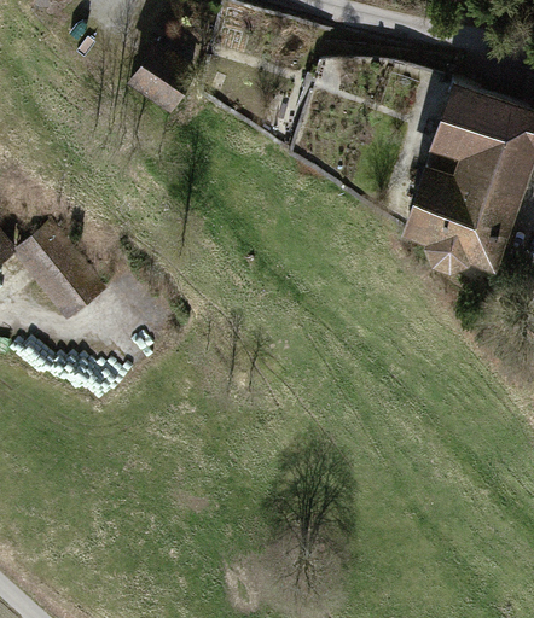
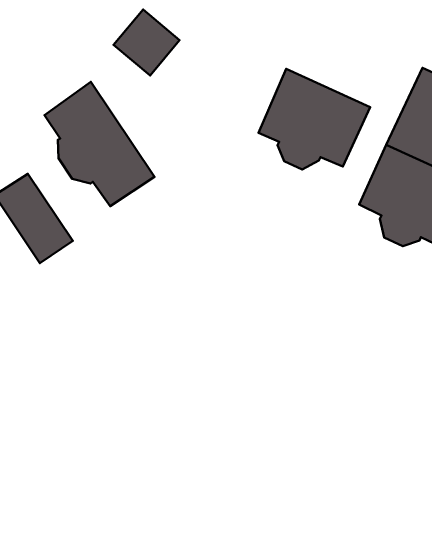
building: none -> [259,69,370,170]
building: none -> [45,82,155,206]

